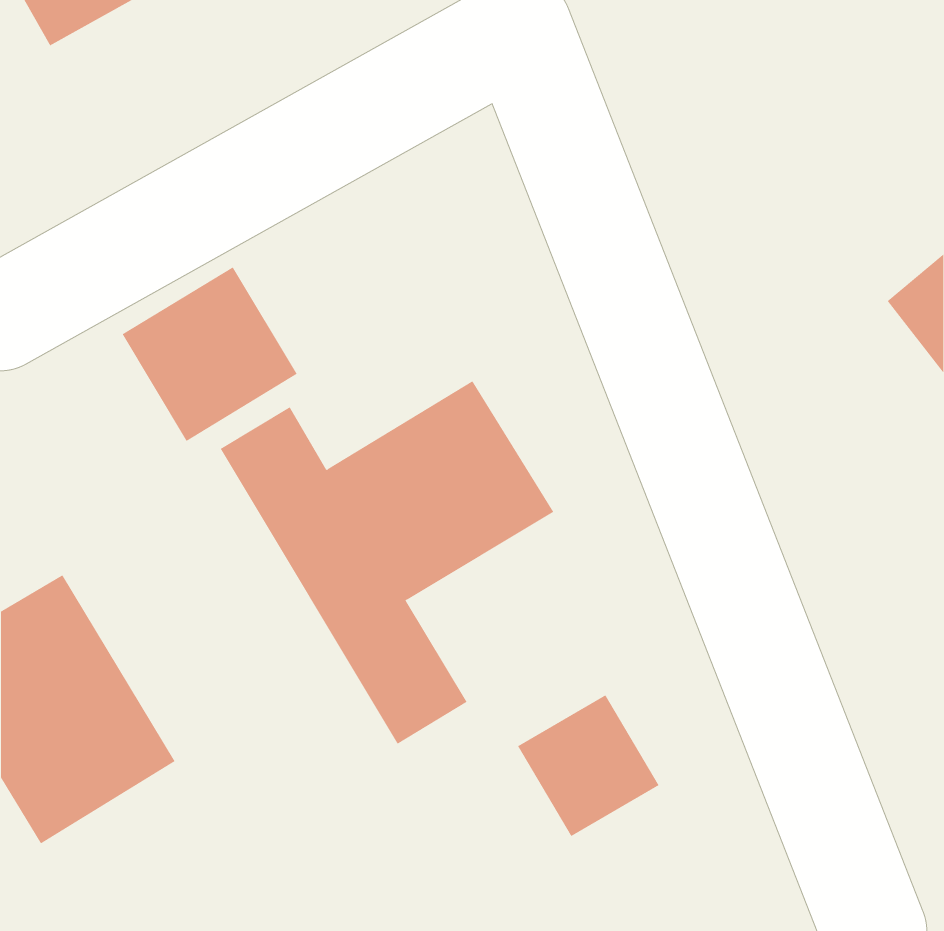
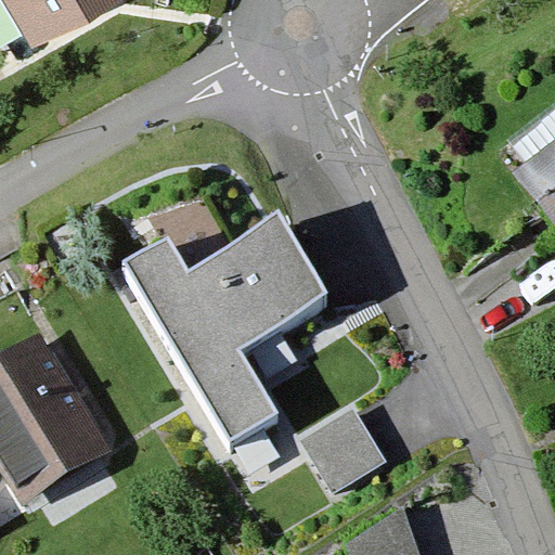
building: [122,266,298,442] -> none

